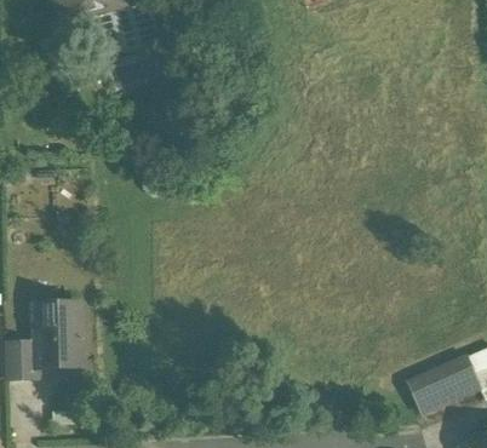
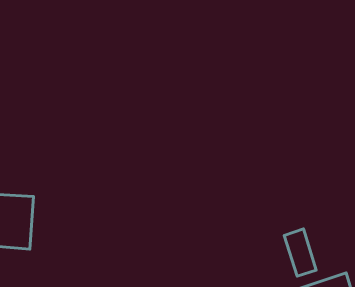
building: none -> [284,229,316,276]

